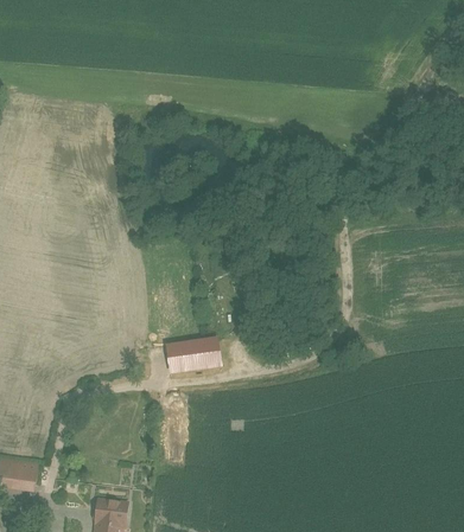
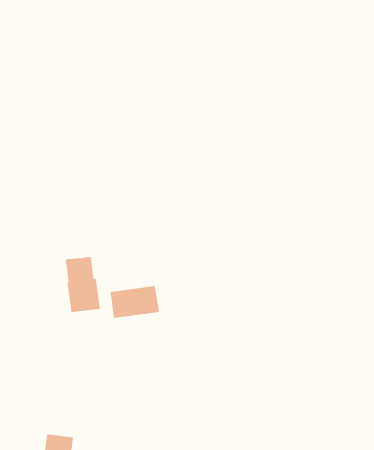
building: none -> [65,256,101,313]

